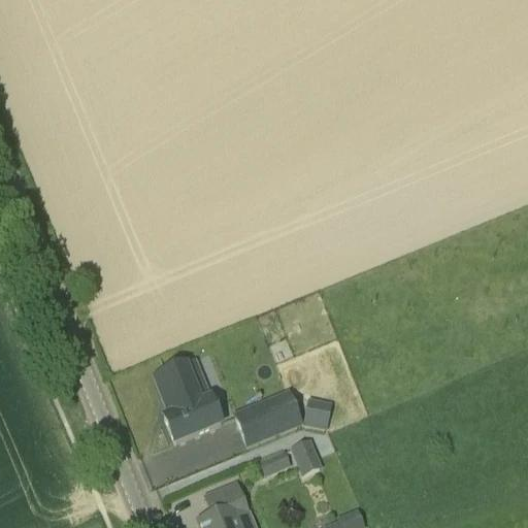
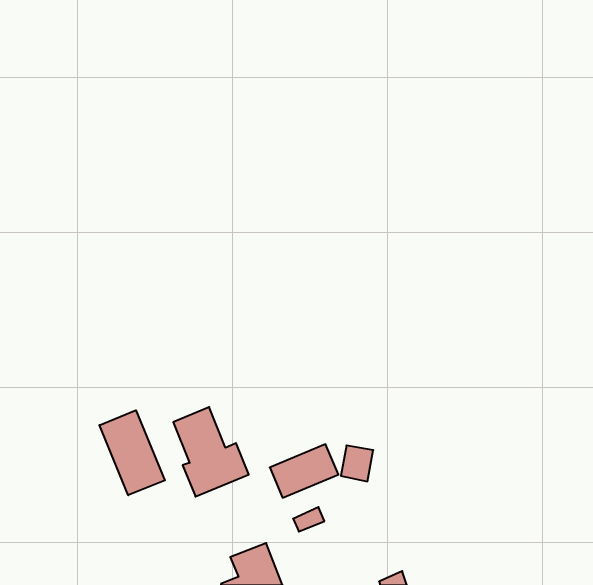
building: none -> [99,410,165,495]
building: [291,438,322,474] -> none

